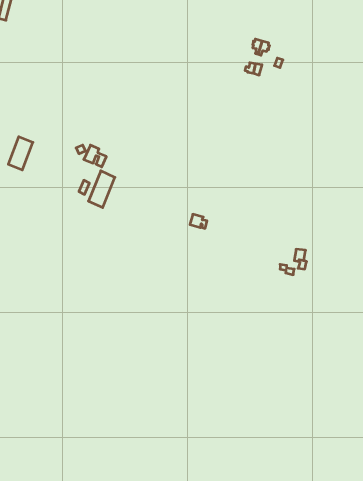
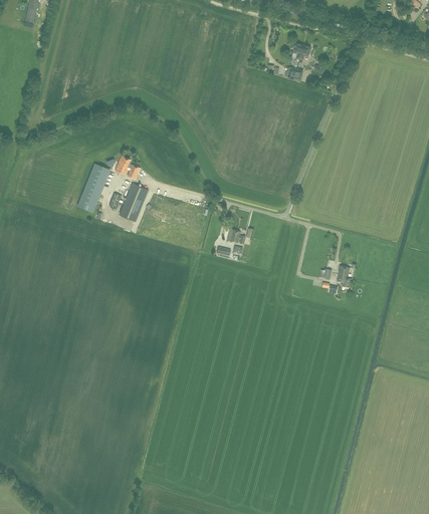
building: [8,137,33,170] -> [82,164,109,199]

